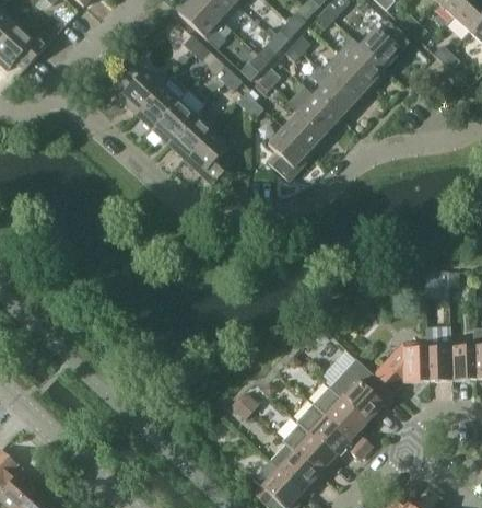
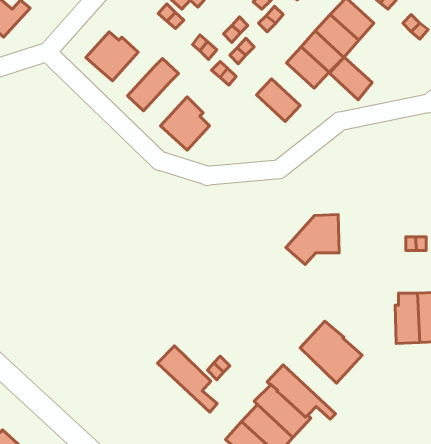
building: [134,82,177,127] -> none
building: [297,93,341,137] -> [329,57,372,100]
building: [166,113,211,158] -> none
building: [267,126,311,180] -> none
building: [371,342,425,393] -> [286,214,339,265]
building: [309,385,371,453] -> [158,346,217,412]

